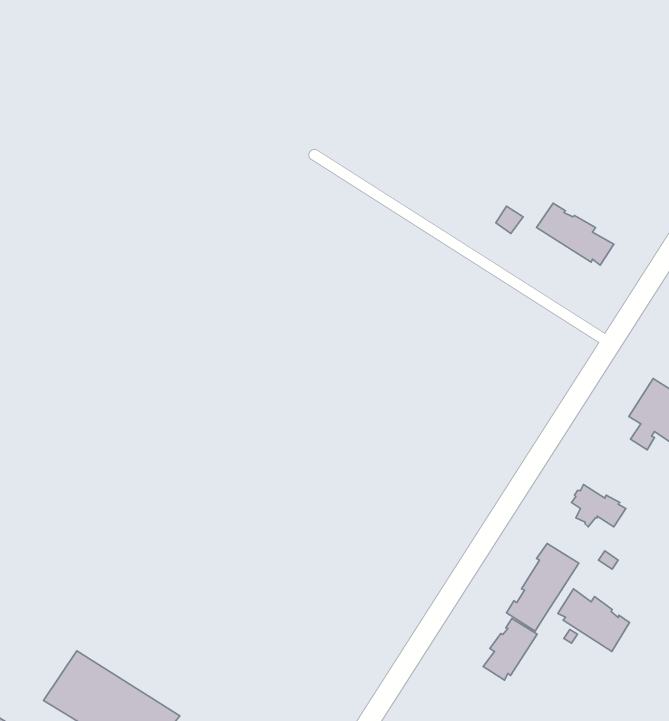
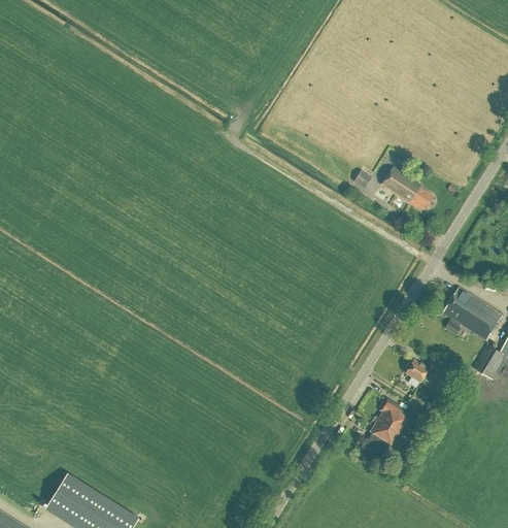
building: [558,589,630,652] -> none
building: [483,619,537,680] -> none

